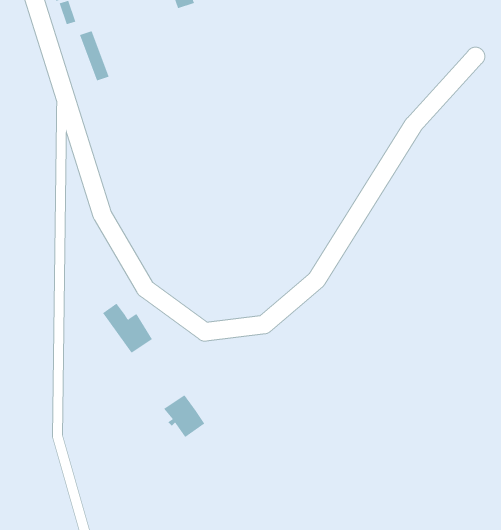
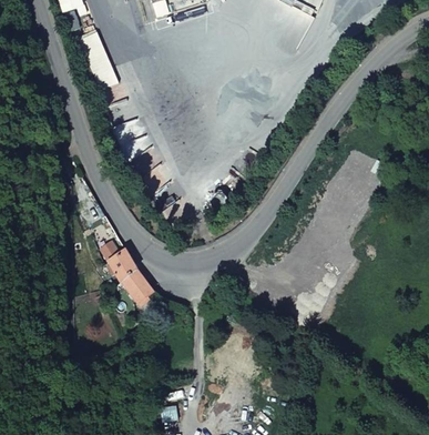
building: [163,395,205,438] -> [121,269,153,302]

